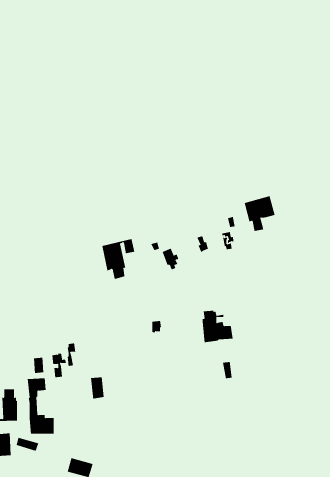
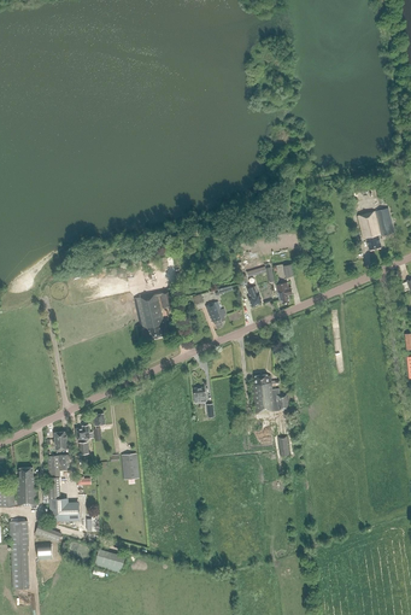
building: [244,196,275,231] -> [356,207,393,250]

